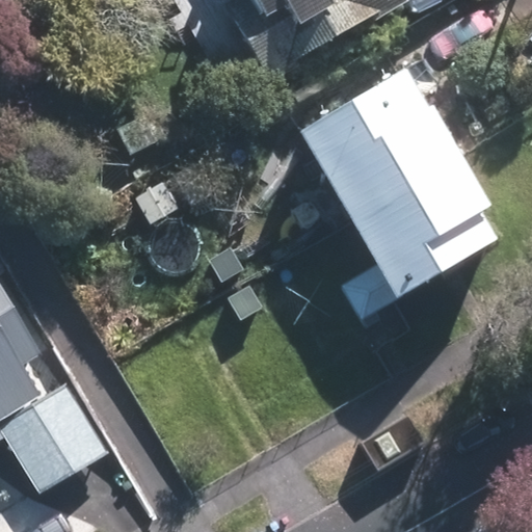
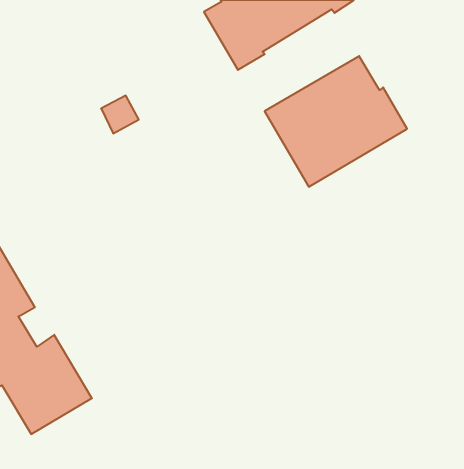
building: [332,147,496,314] -> none

